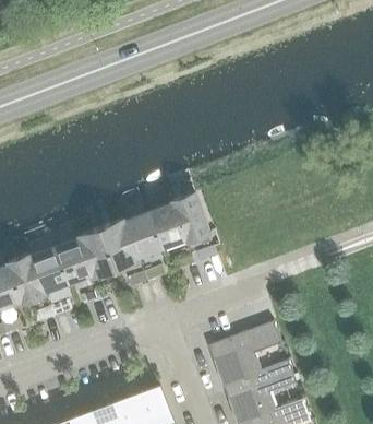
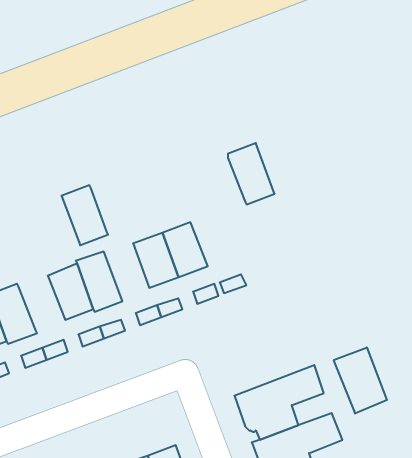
building: [172,191,210,242] -> [228,143,275,204]
building: [101,219,140,268] -> [61,185,108,245]
building: [32,247,70,292] -> none
building: none -> [334,347,387,414]

